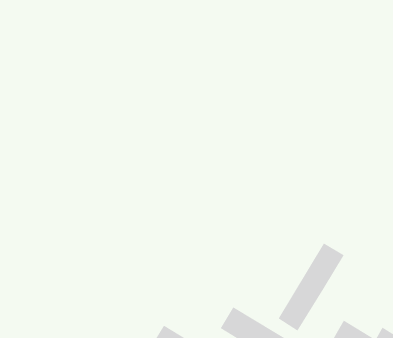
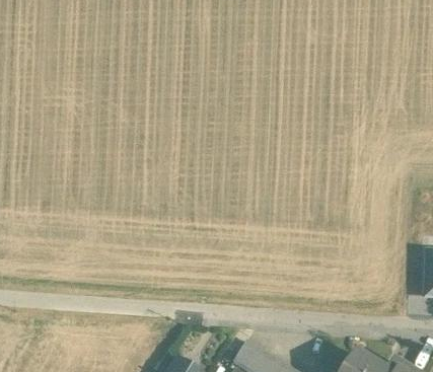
building: [278,243,344,331] -> none

